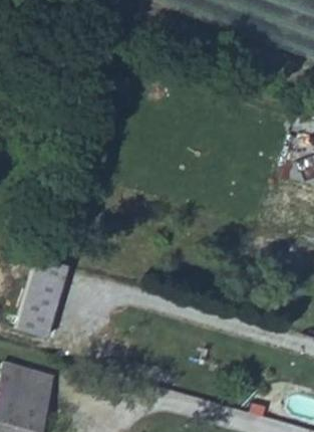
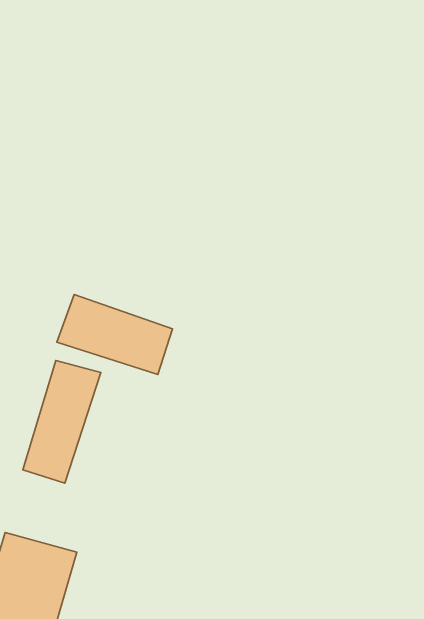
building: none -> [57,295,173,374]

